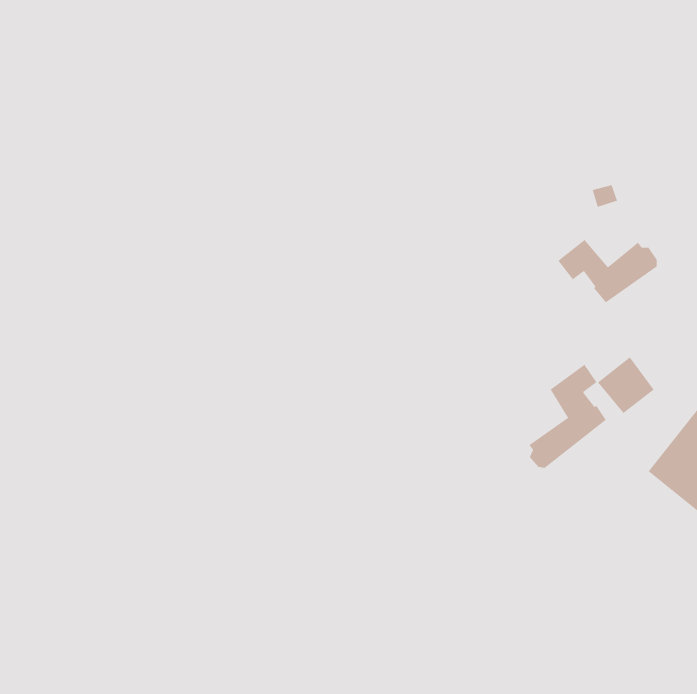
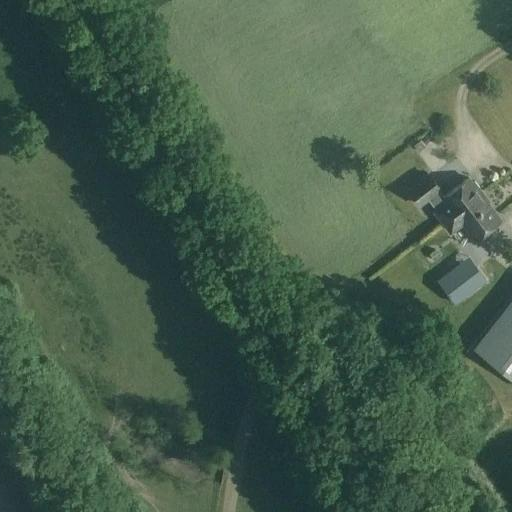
building: none -> [444,198,501,241]
building: [529,364,606,469] -> none

